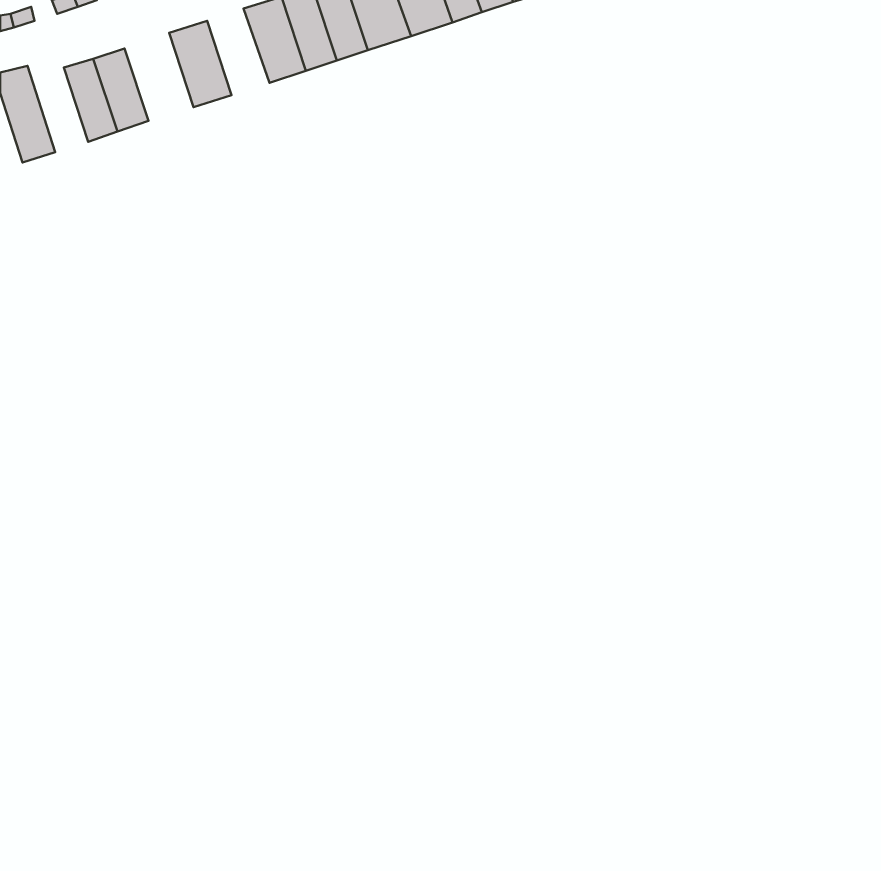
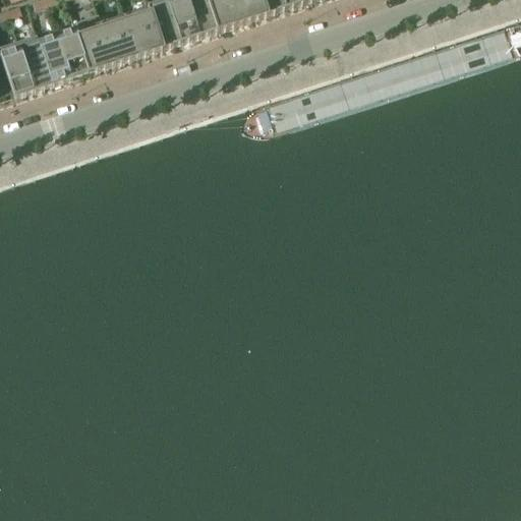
building: none -> [123,5,160,56]
building: none -> [71,12,115,71]
building: none -> [17,33,53,90]

